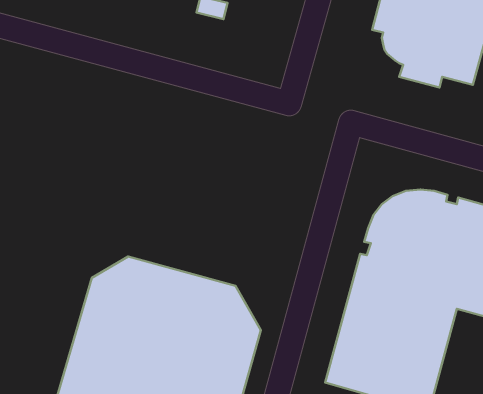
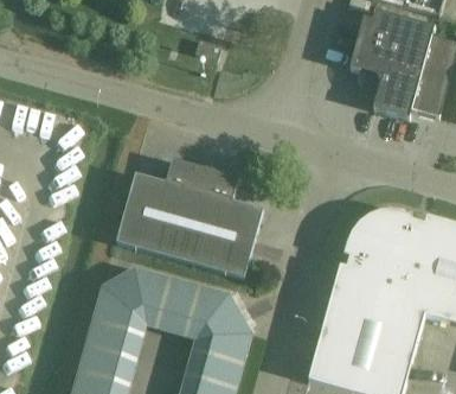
building: none -> [115,158,263,277]

